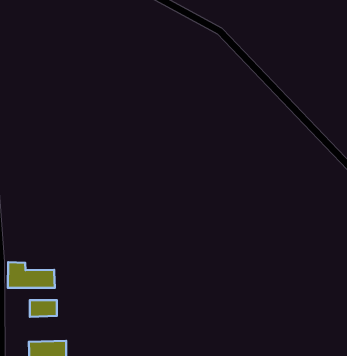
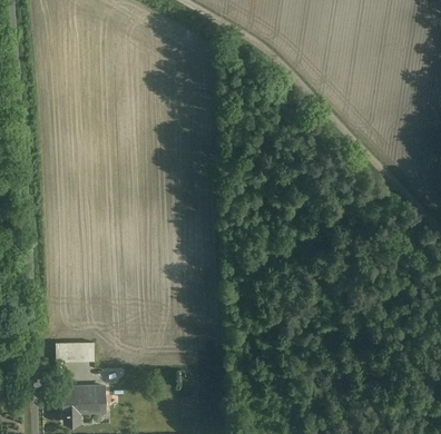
building: [8,262,55,288] -> none

